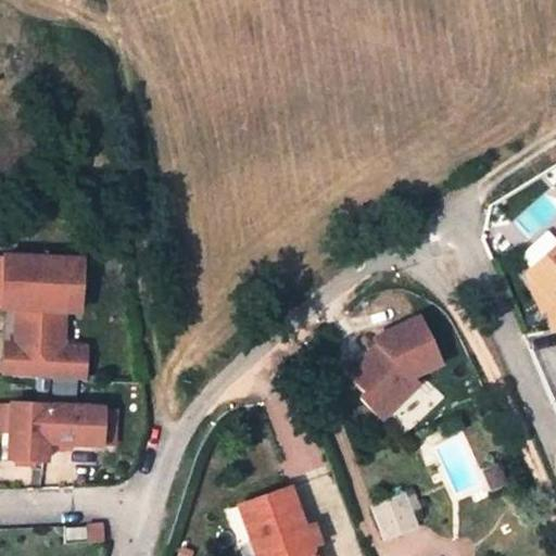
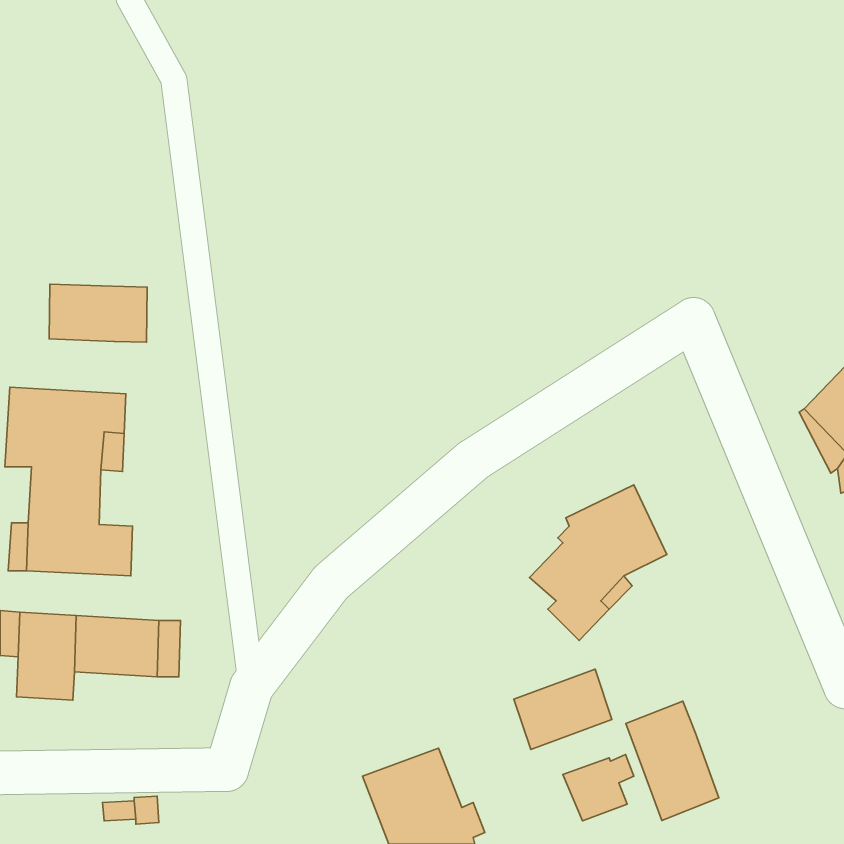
building: none -> [49,284,147,342]
building: none -> [514,669,612,750]
building: none -> [626,701,719,820]

